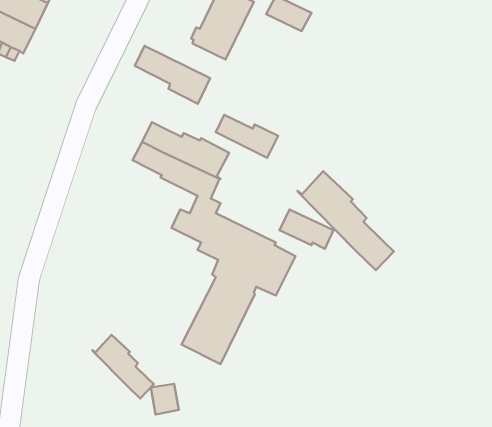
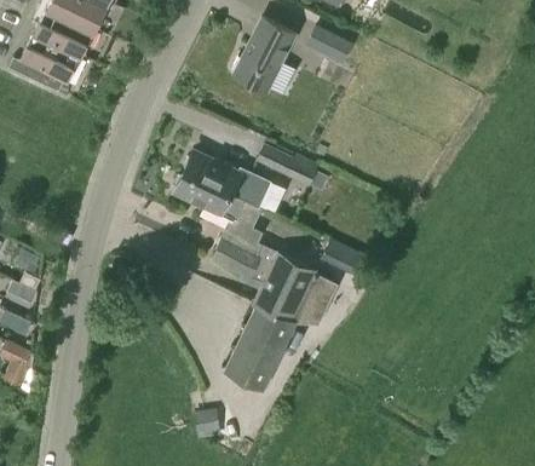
building: [135,46,210,104] -> none
building: [298,171,394,270] -> none
building: [93,335,154,399] -> none

